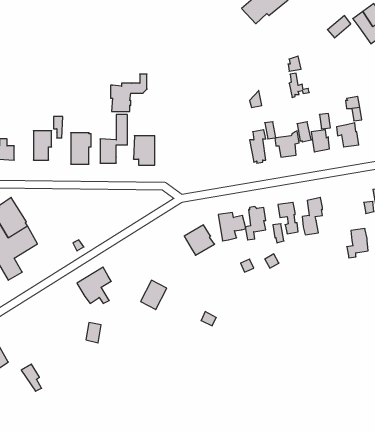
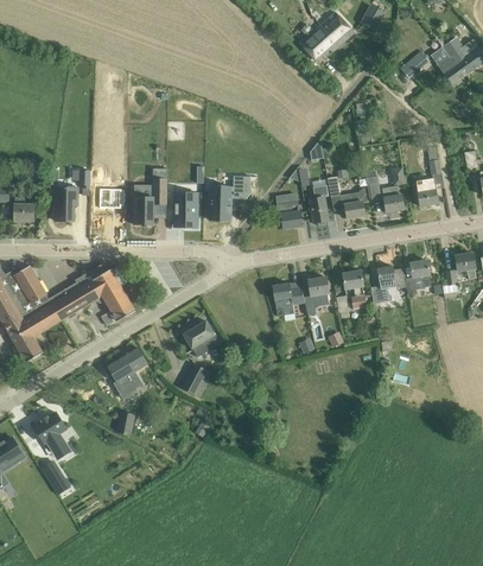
building: [111,74,147,111] -> [208,176,250,220]
building: none -> [267,190,303,228]
building: none -> [49,262,135,320]
building: [184,225,215,255] -> [184,320,220,356]
building: [347,229,368,258] -> [406,260,431,294]
building: none -> [33,412,66,451]

